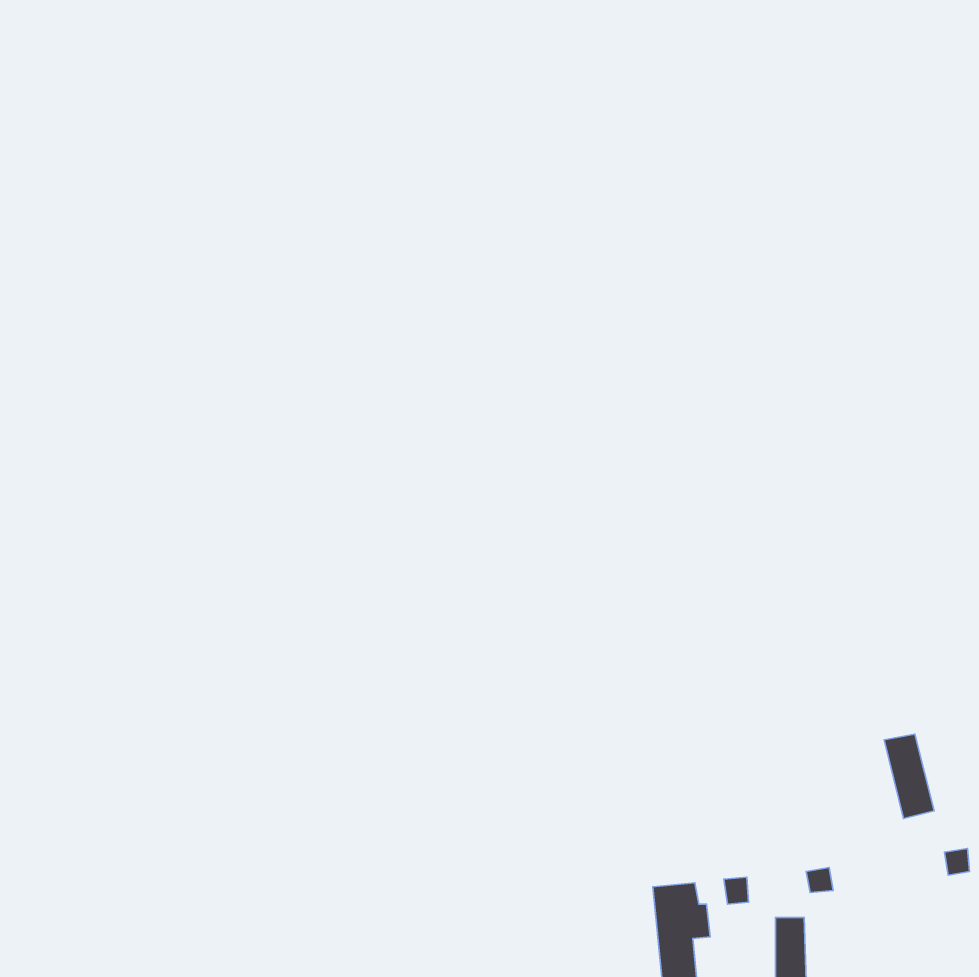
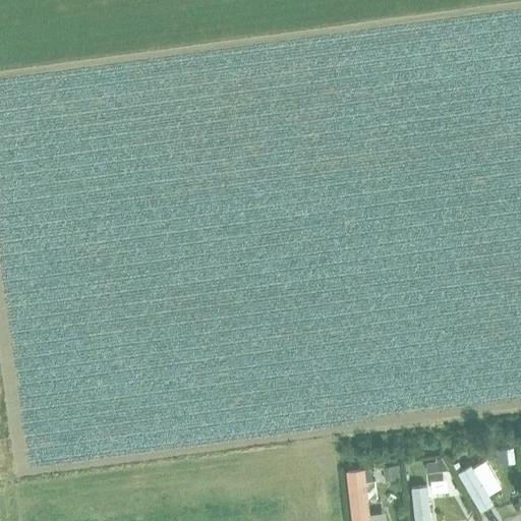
building: [884,734,934,819] -> [461,463,487,508]

